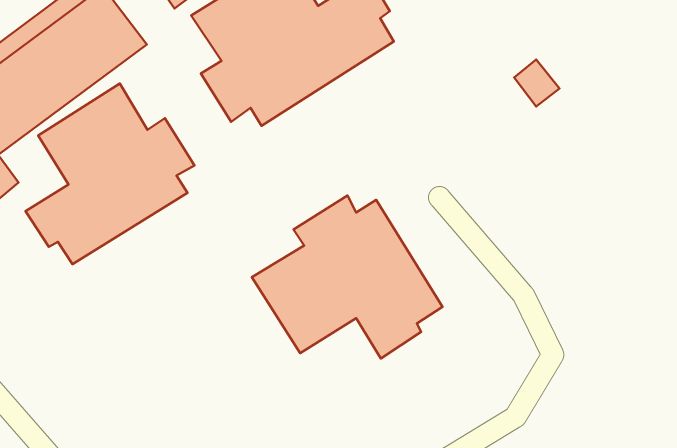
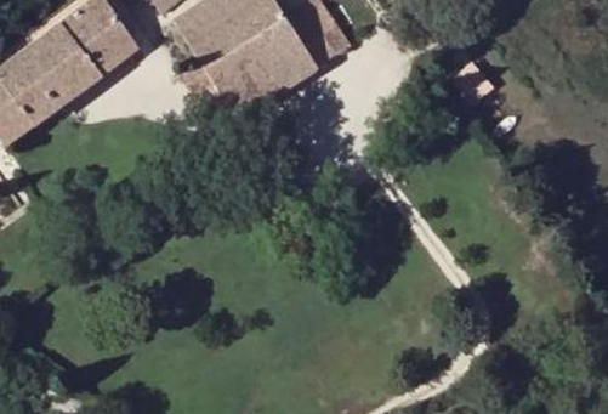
building: [25,84,195,264] -> none
building: [252,196,442,359] -> none

